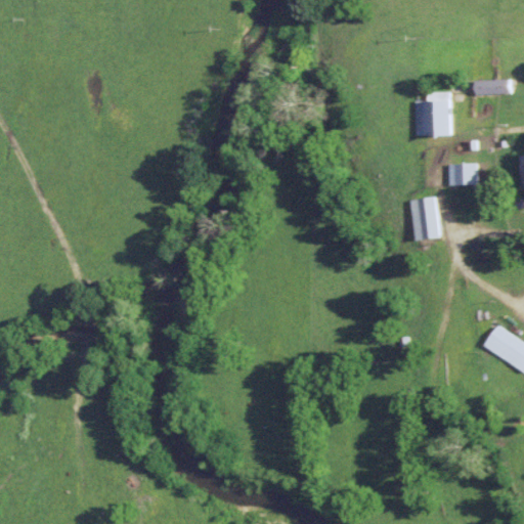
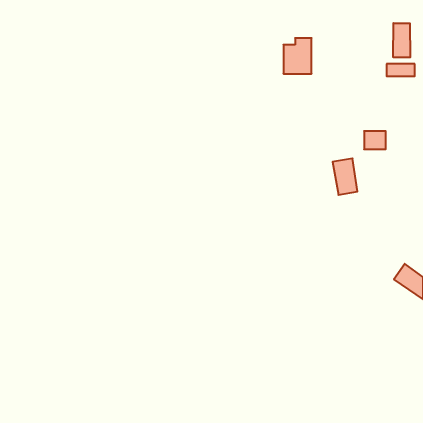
building: none -> [393,23,410,57]
building: [417,92,451,136] -> [283,38,312,74]

